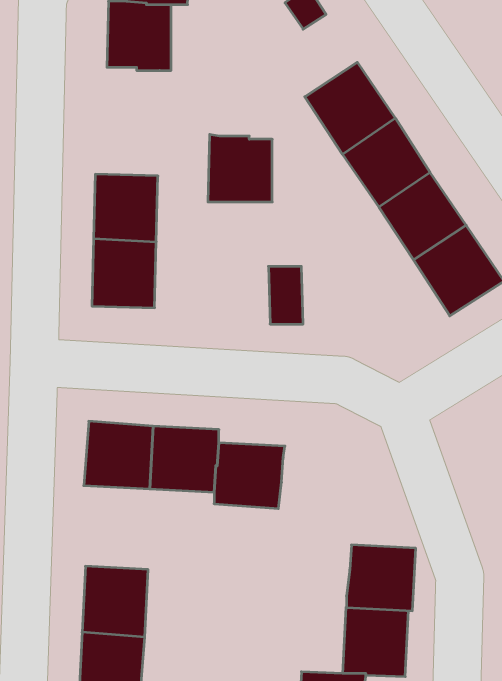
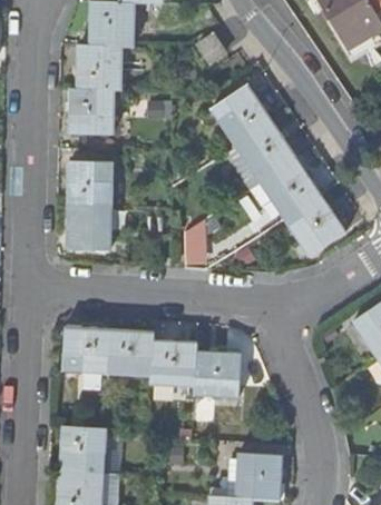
building: [208,134,272,202] -> [69,87,113,132]
building: [346,545,416,611] -> [193,351,240,396]

